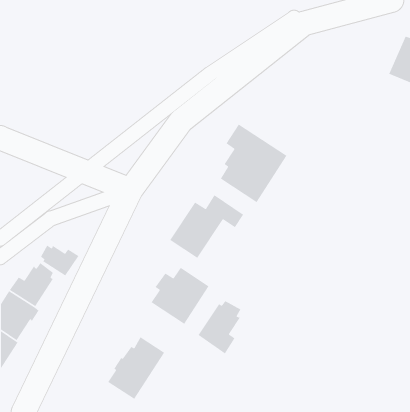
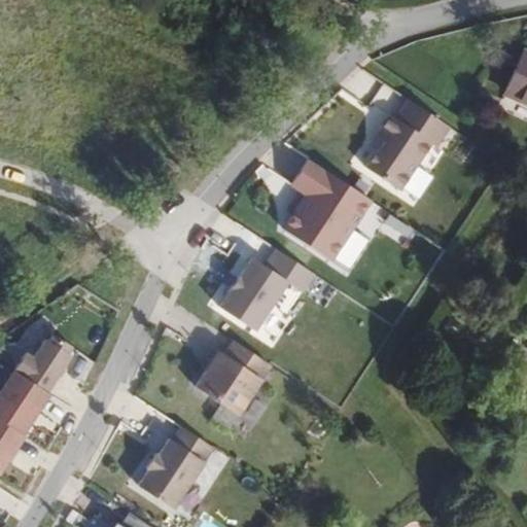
building: none -> [365,99,449,189]
building: [40,244,80,277] -> none
building: [197,300,241,355] -> none

